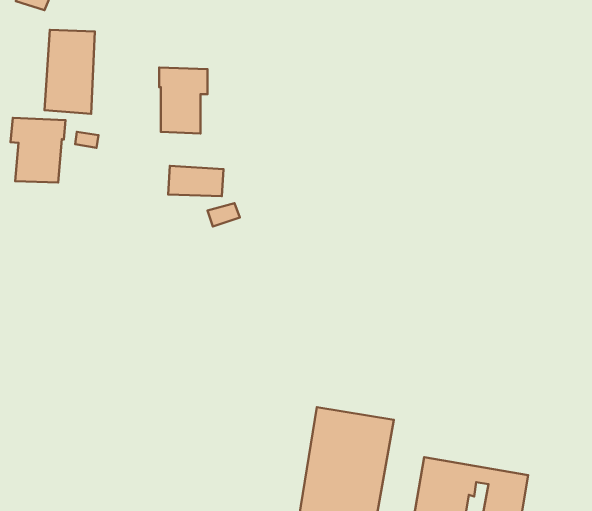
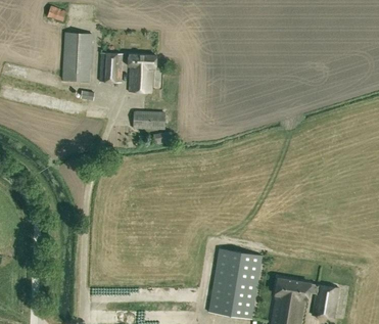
building: none -> [99,51,122,82]
building: [11,118,66,183] -> none

